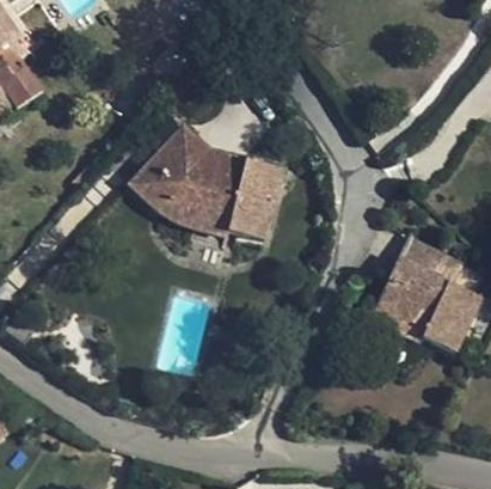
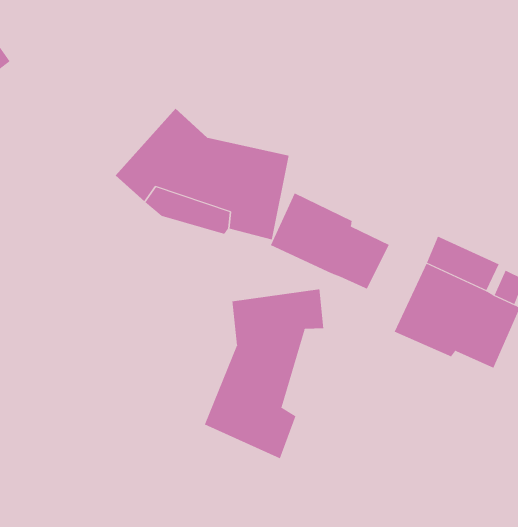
building: none -> [270,193,390,290]
building: none -> [204,289,324,459]

